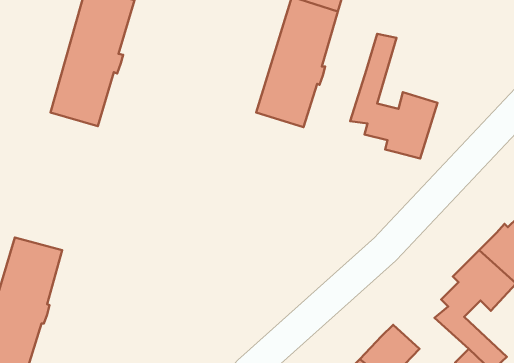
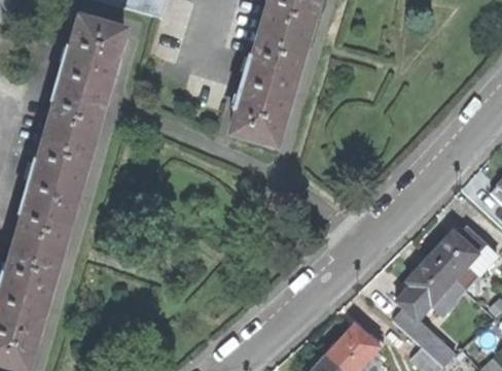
building: [350,34,438,158] -> none
building: none -> [15,134,89,258]

